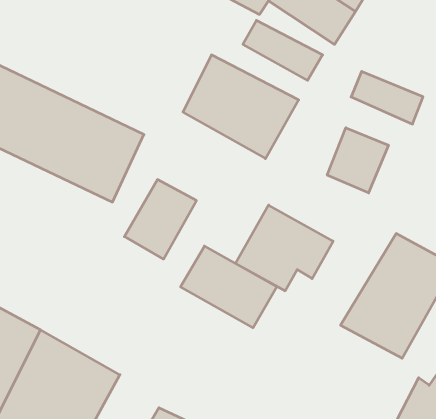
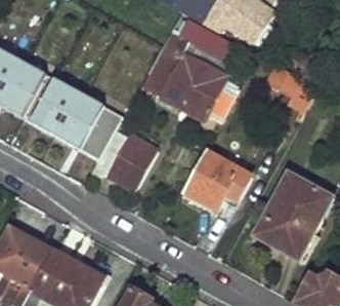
building: [327,128,388,193] -> none
building: [181,246,277,328] -> none

